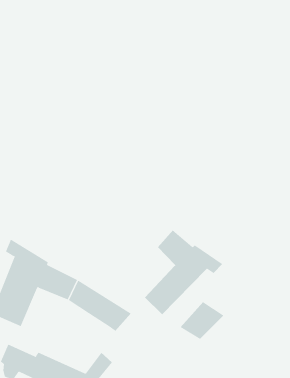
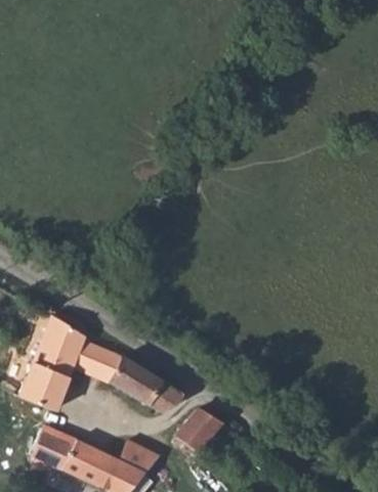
building: [144,230,223,315] -> none
building: [180,301,224,340] -> [174,406,225,450]

